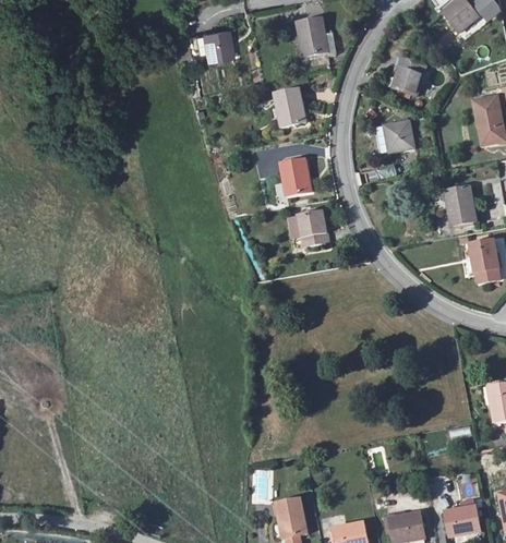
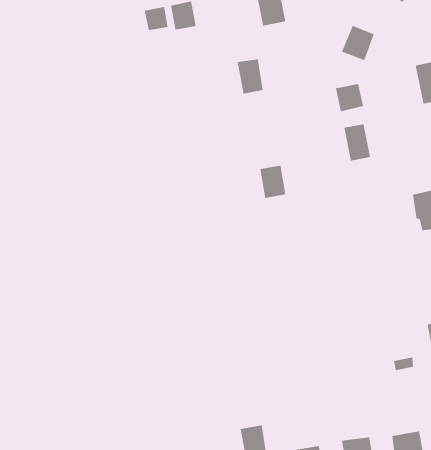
building: none -> [144,6,168,31]
building: [281,156,313,193] -> none
building: [444,185,474,227] -> [343,124,371,161]

